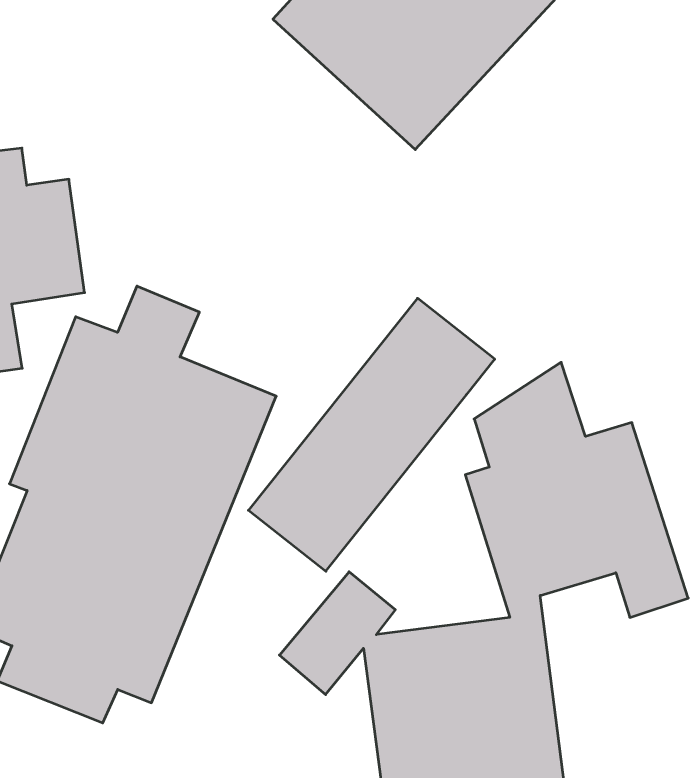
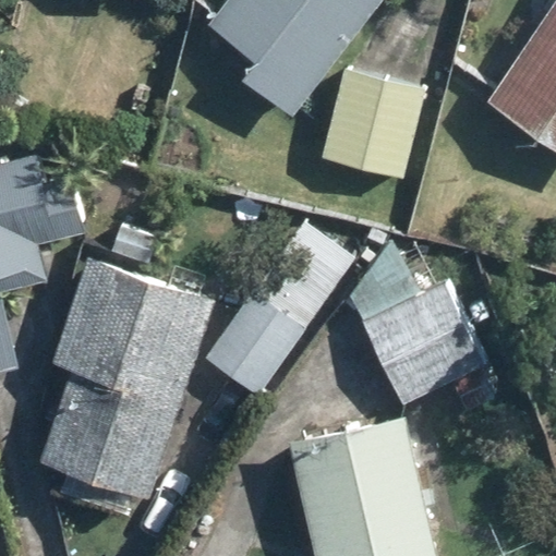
building: none -> [321,67,426,179]

